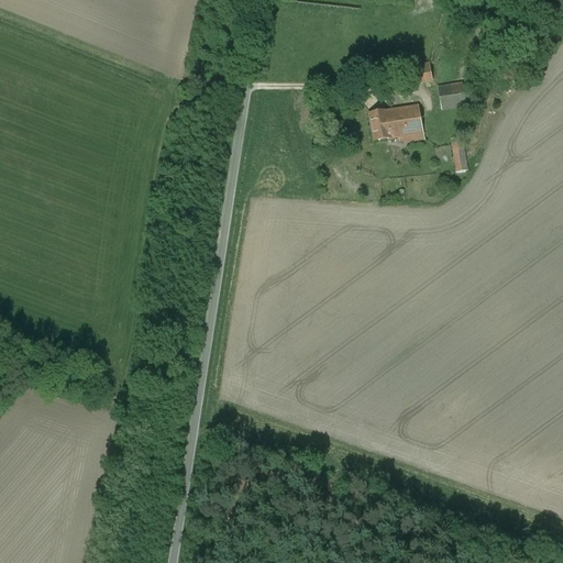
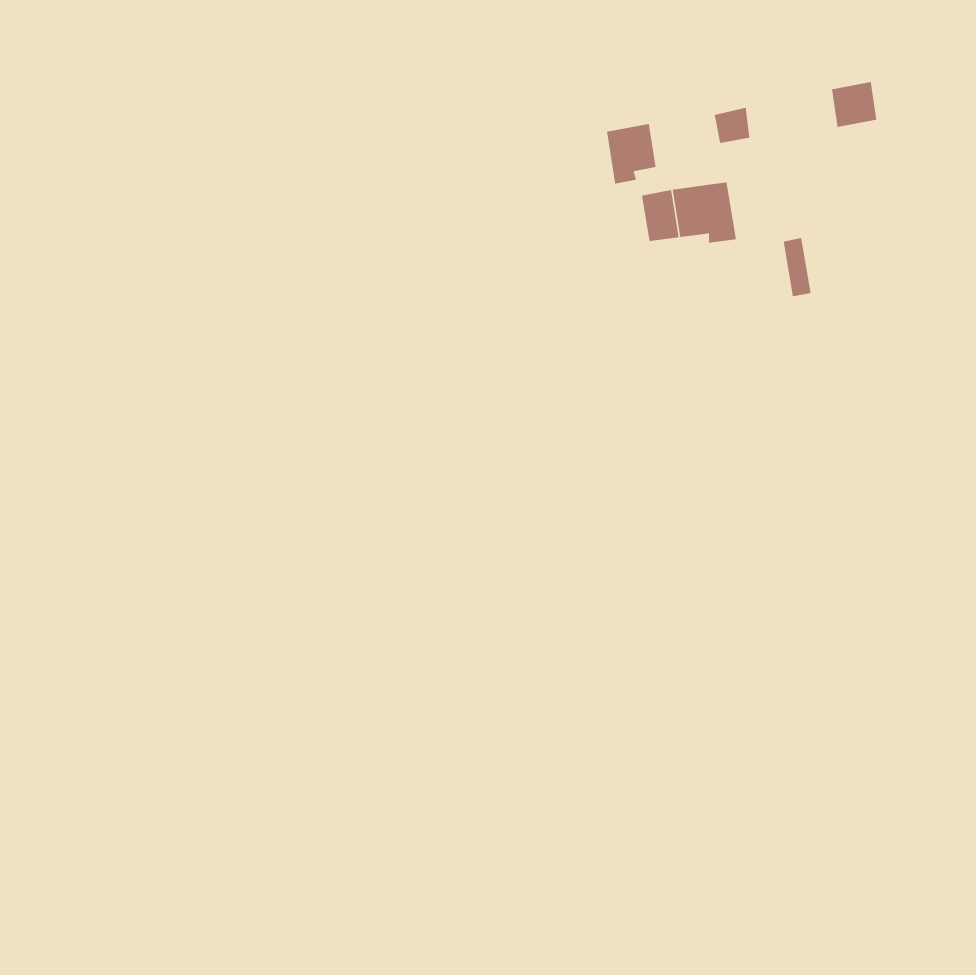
building: none -> [607,123,656,185]
building: [438,82,464,109] -> [831,82,877,128]

